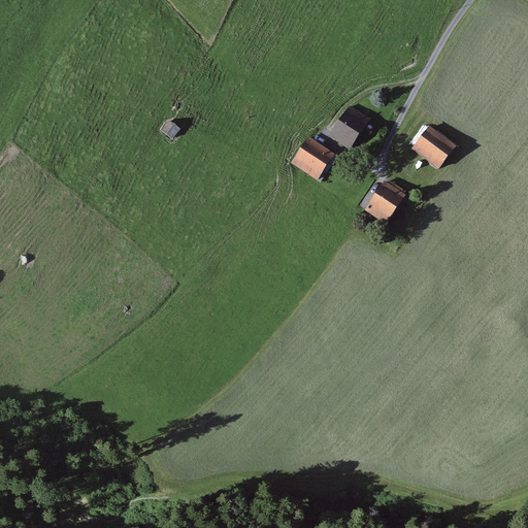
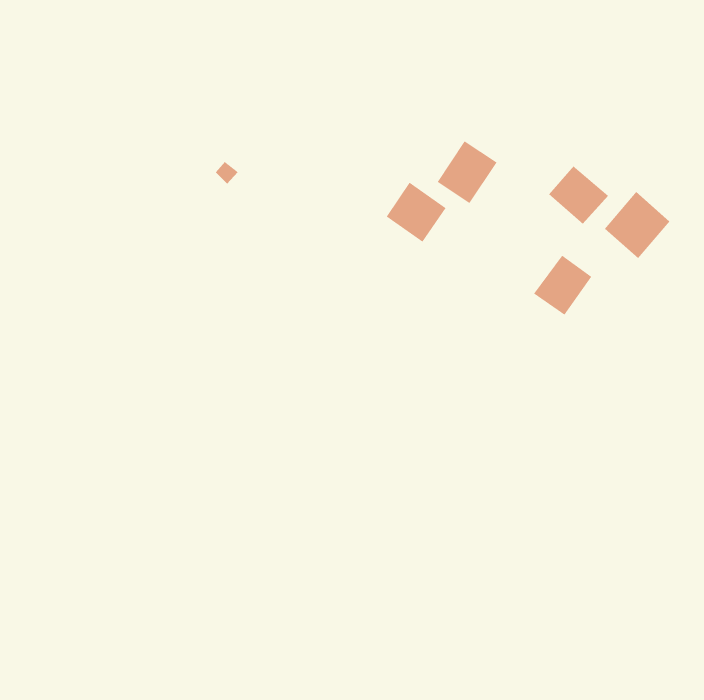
building: none -> [604,191,670,259]
building: [362,176,406,222] -> [533,255,592,315]

